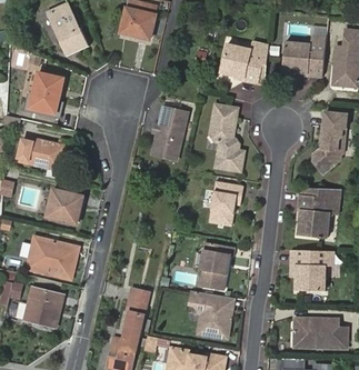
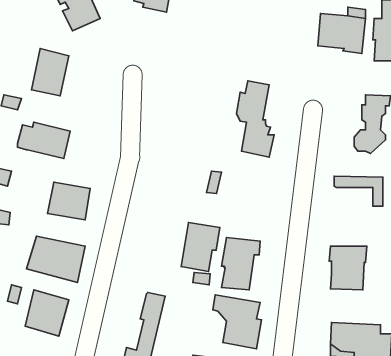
building: [220,41,265,81] -> none
building: [149,106,187,160] -> none
building: [208,179,242,222] -> [181,223,220,271]
building: [299,196,332,237] -> none

